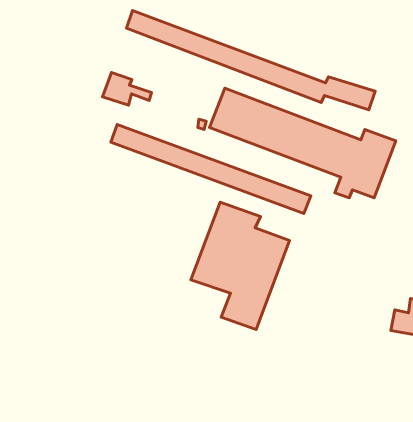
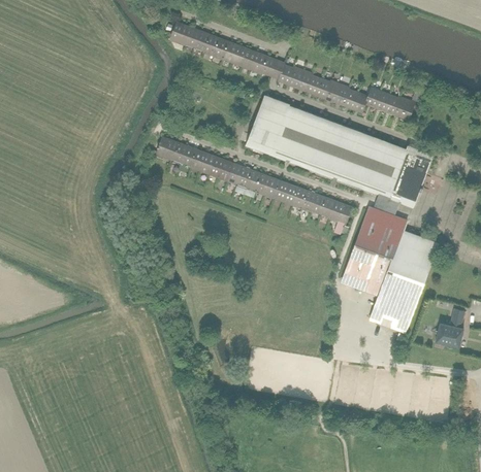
building: [103,73,151,105] -> none
building: [191,202,289,329] -> [339,204,437,331]

